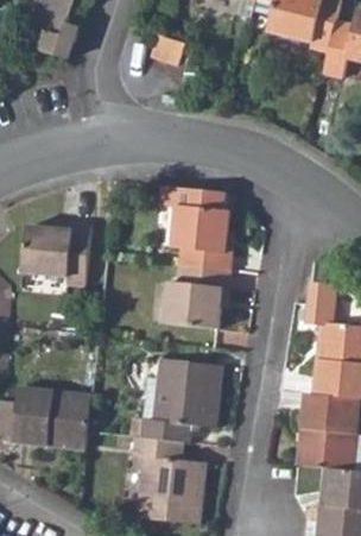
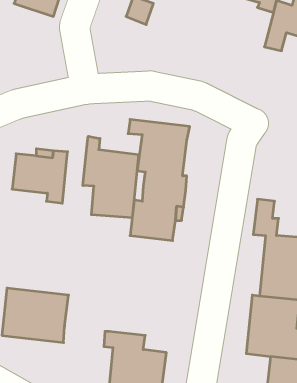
building: none -> [83,136,138,218]
building: [137,355,221,440] -> none

